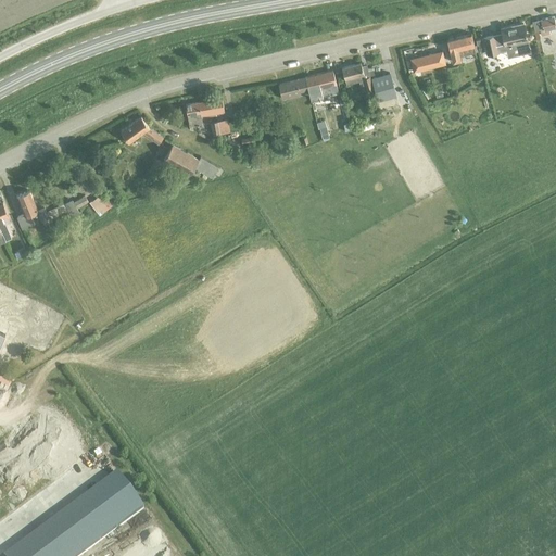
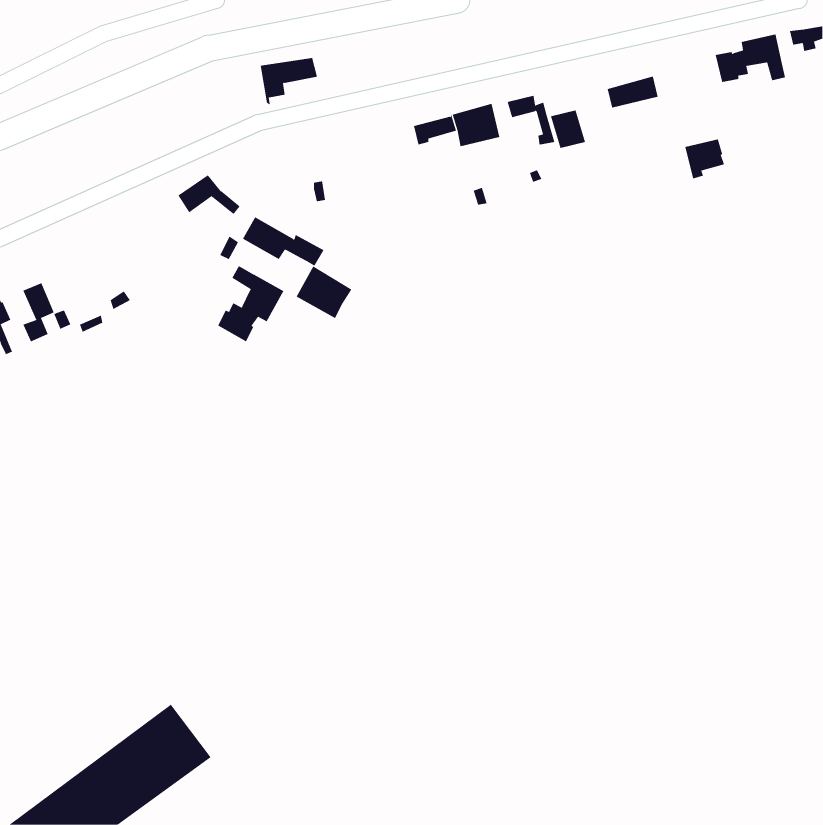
building: [446,35,473,62] -> [684,139,725,179]
building: [185,99,224,131] -> [260,58,318,106]
building: none -> [217,265,284,342]
building: none -> [296,266,352,319]

